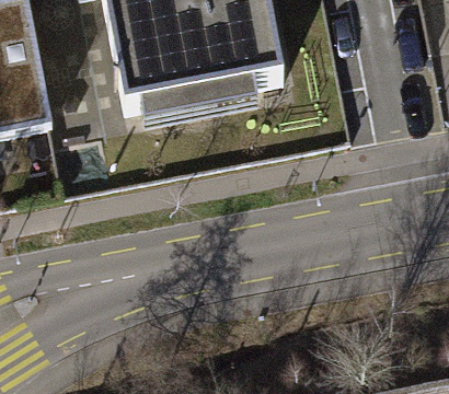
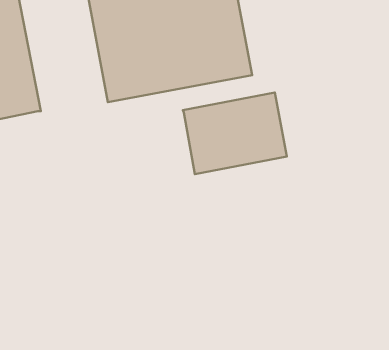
building: none -> [183,93,287,174]

